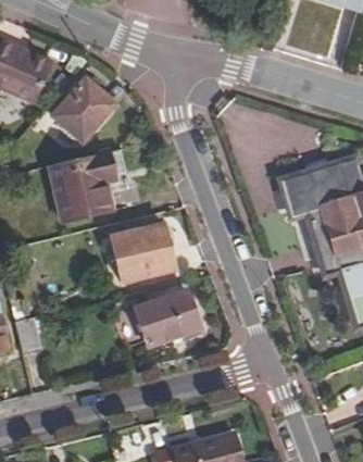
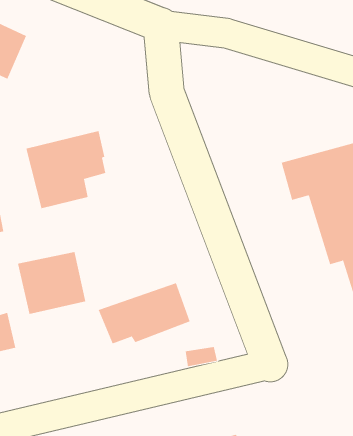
building: [54,83,114,143] -> none
building: [112,226,175,284] -> [17,252,86,315]

